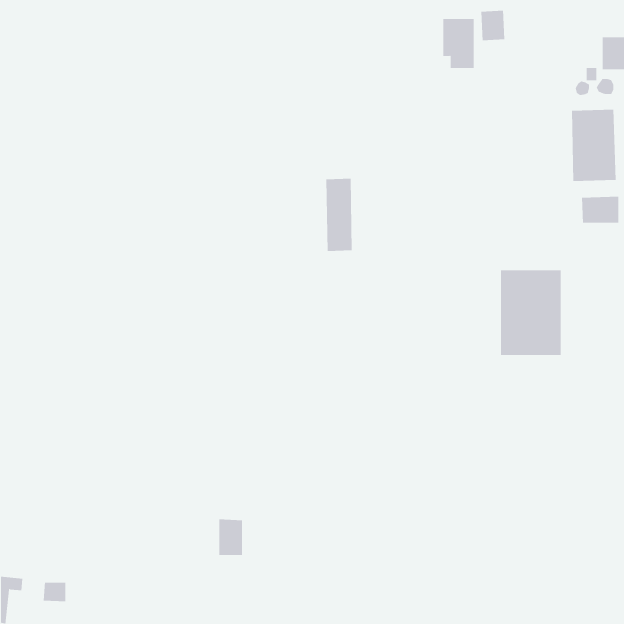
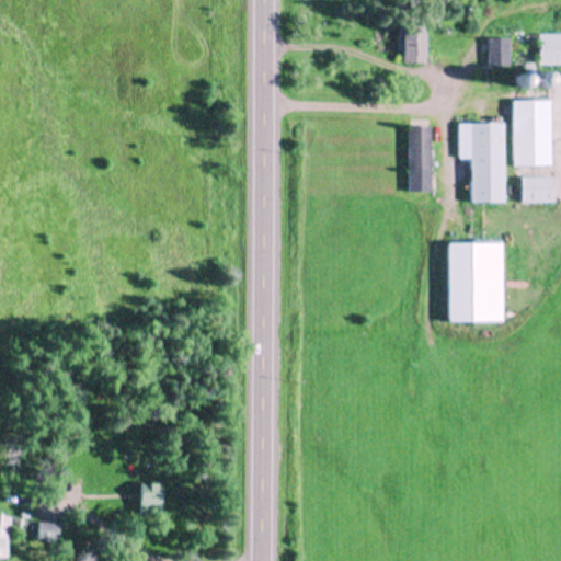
building: [481,10,505,41] -> [488,38,510,66]
building: none -> [459,122,505,201]
building: [326,178,353,252] -> [408,128,432,194]
building: [218,519,243,556] -> [142,483,164,516]

